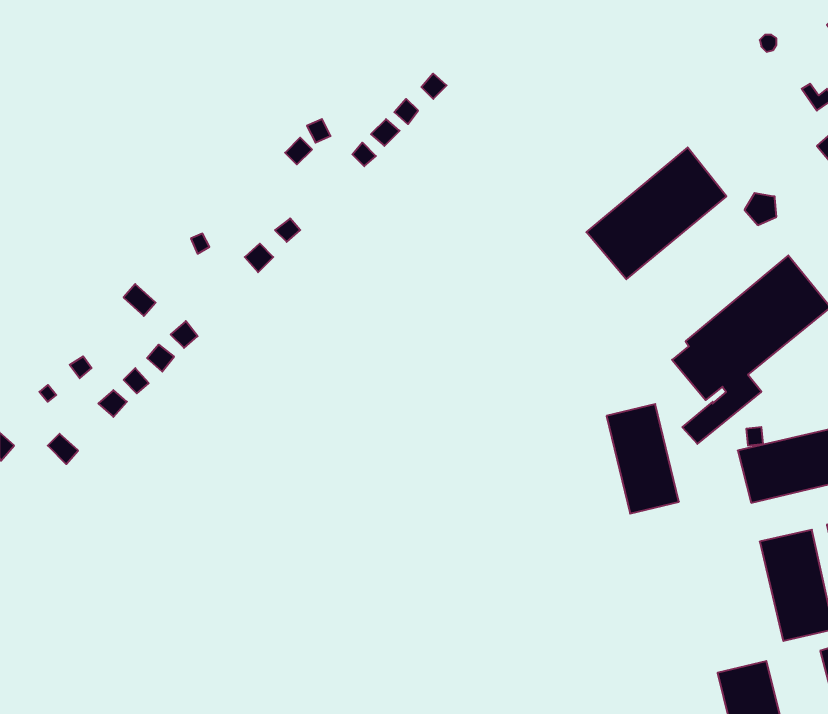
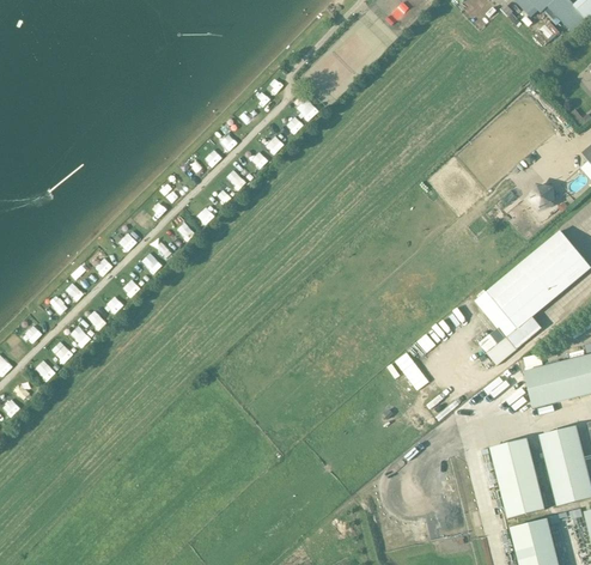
building: [586,147,726,279] -> none
building: [607,404,679,514] -> [492,438,543,516]

